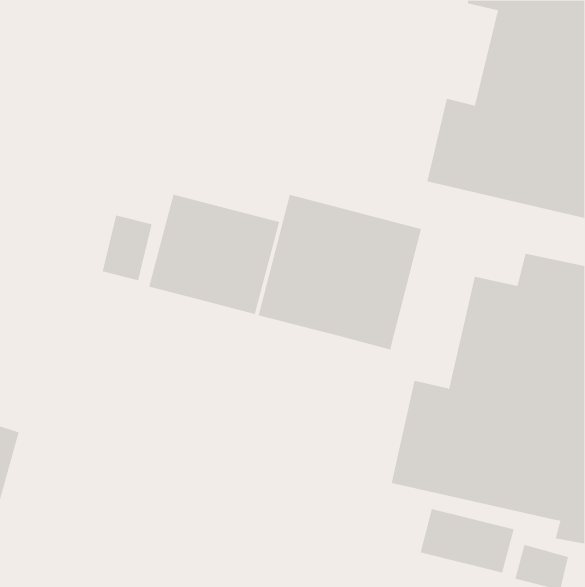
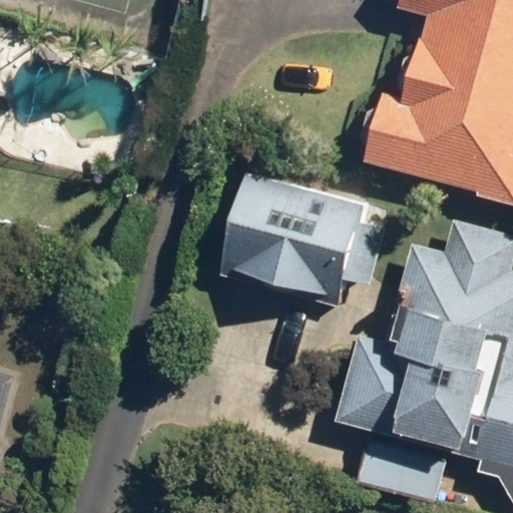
building: [148,194,280,315] -> none

